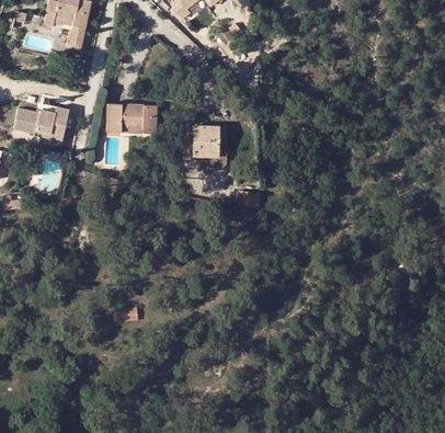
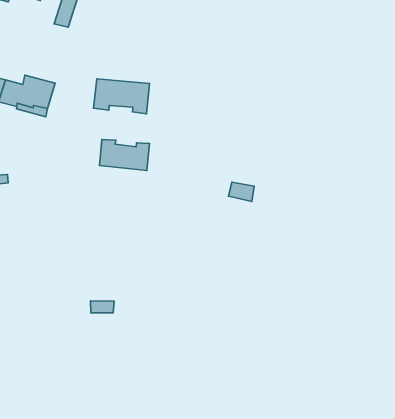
building: [193,125,219,158] -> none
building: none -> [100,139,149,171]

